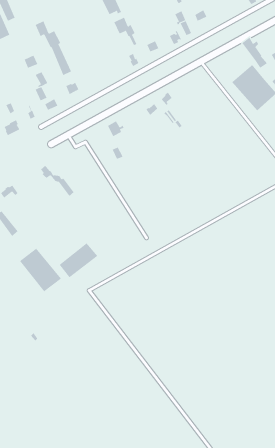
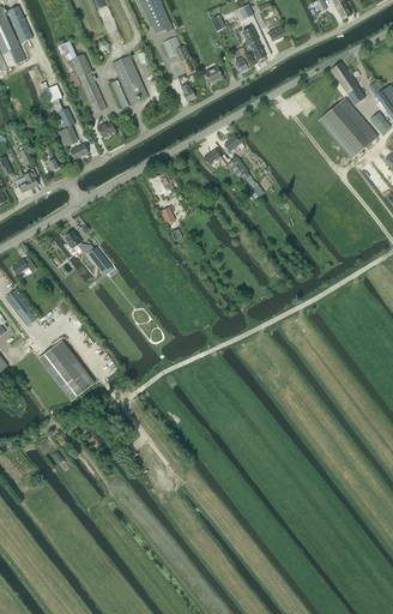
building: none -> [111,55,149,107]
building: [59,242,98,278] -> none

